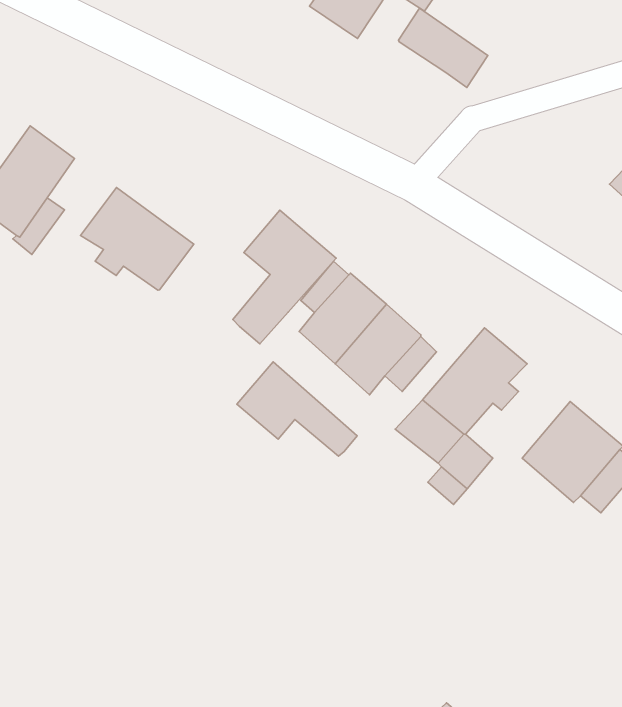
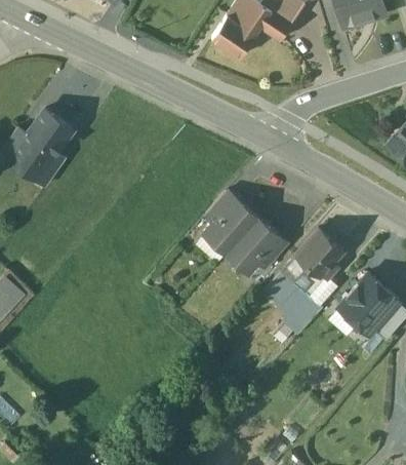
building: [398,8,488,88] -> none
building: [81,188,194,290] -> none
building: [233,210,336,344] -> none
building: [237,362,357,456] -> none

